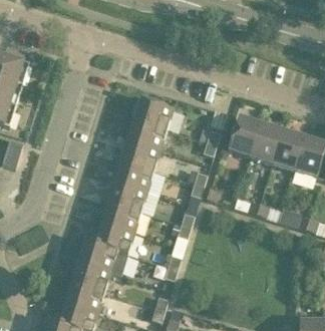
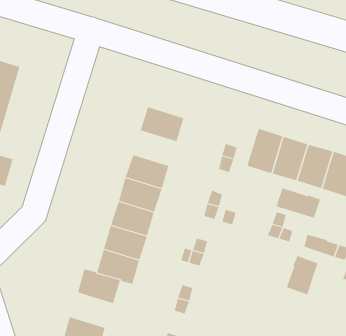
building: [128,118,168,149] -> none
building: none -> [276,187,321,219]
building: none -> [286,255,318,295]
building: [72,261,111,292] -> none

